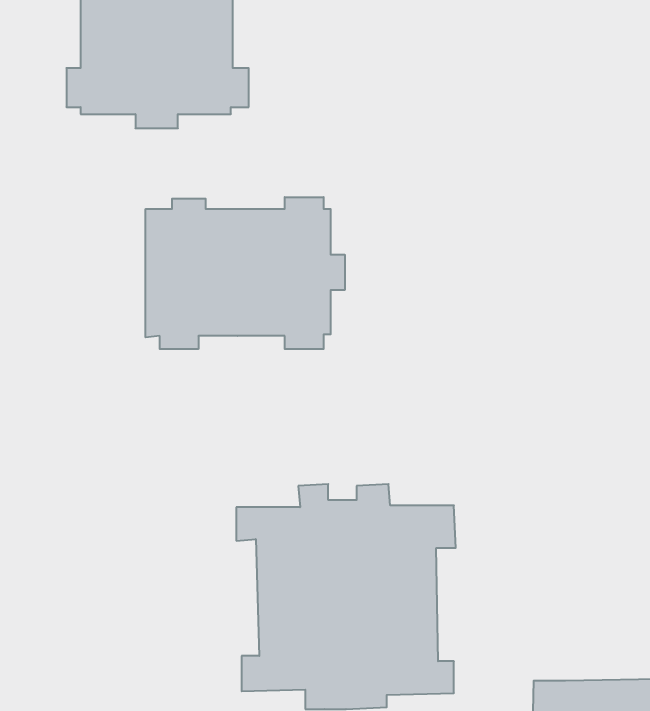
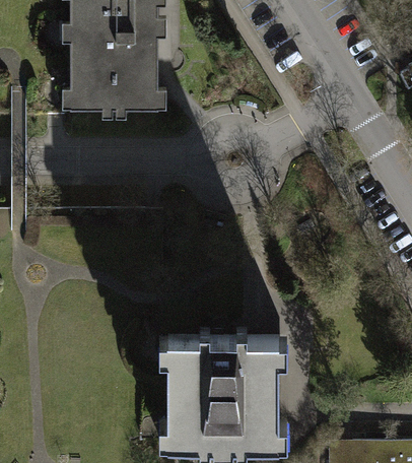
building: [146,197,345,349] -> none

